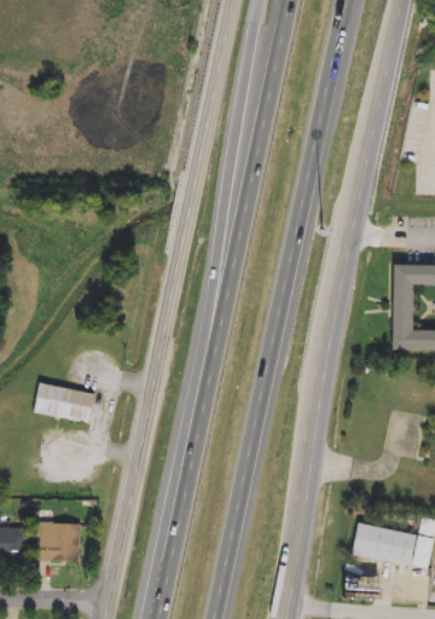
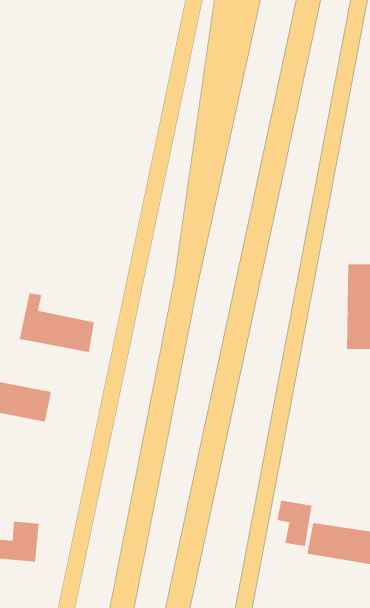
building: none -> [19,292,95,353]
building: none -> [277,500,312,547]

